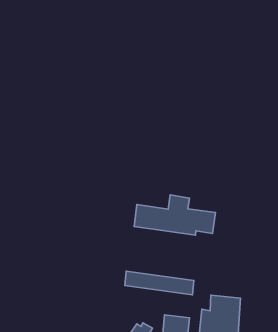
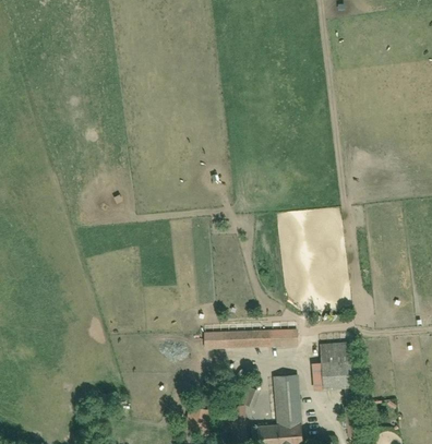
building: [134,195,216,235] -> none

